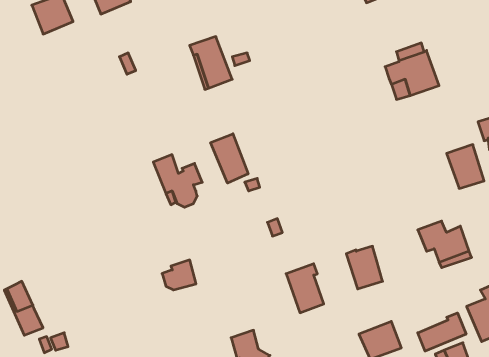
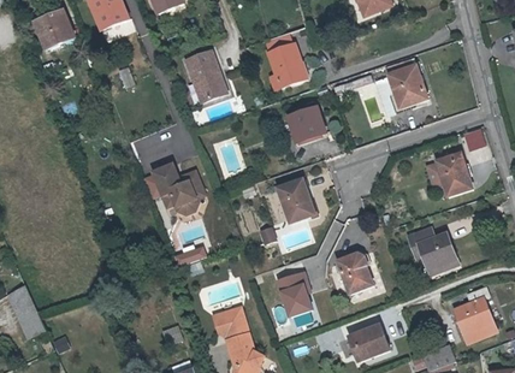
building: none -> [264,35,302,88]
building: none -> [286,106,324,140]
building: [211,134,248,183] -> none
building: none -> [278,177,312,220]
building: [162,260,196,290] -> [214,306,247,334]
building: [418,313,466,351] -> none

